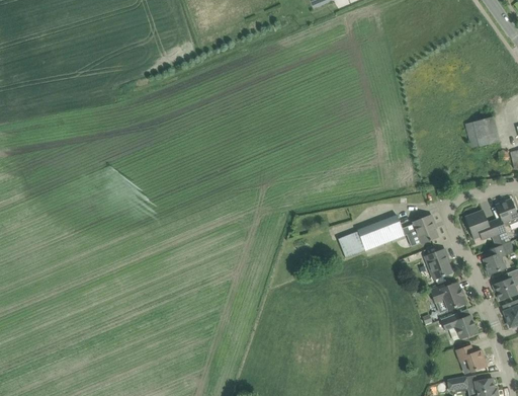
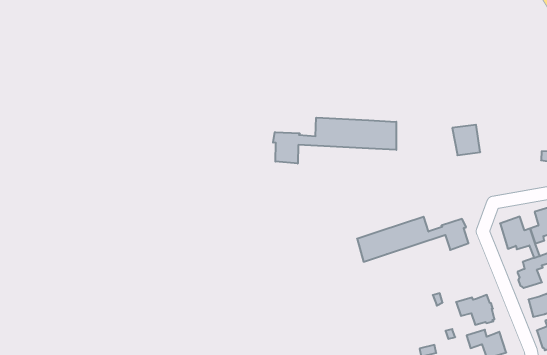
building: [467,117,494,146] -> [452,125,480,155]
building: none -> [273,118,396,164]
building: [425,248,451,278] -> none

